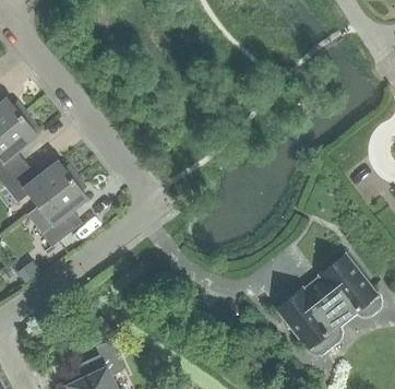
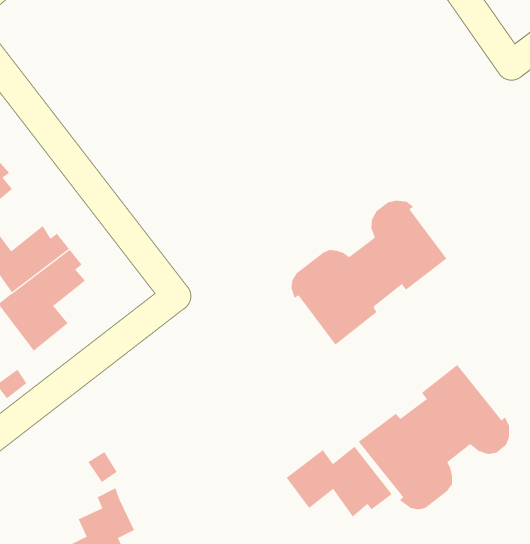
building: none -> [291,200,447,346]
building: none -> [286,446,392,518]

